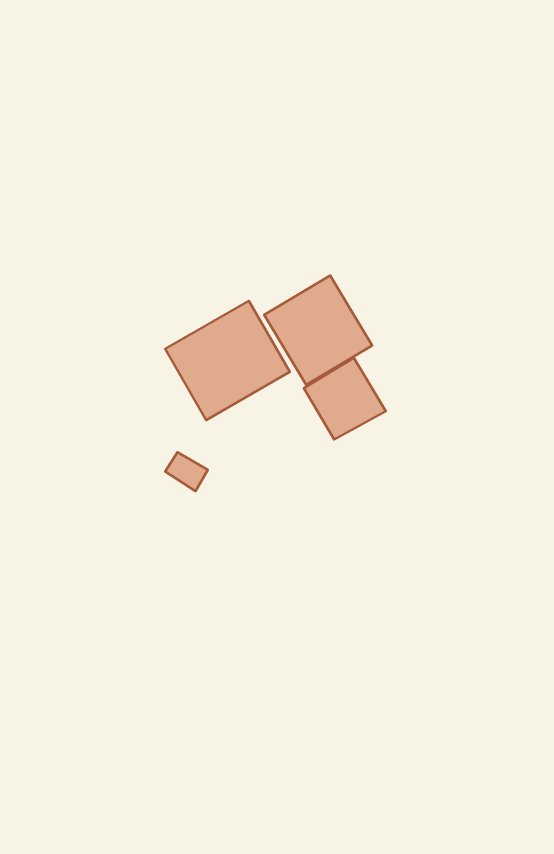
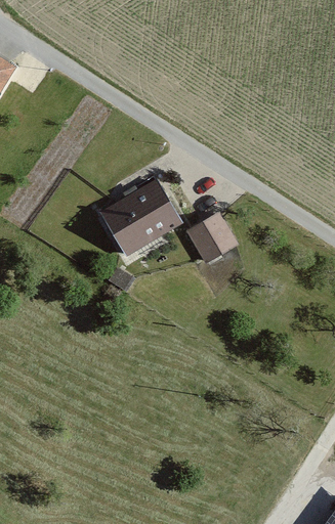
building: [264,275,372,385] -> none

